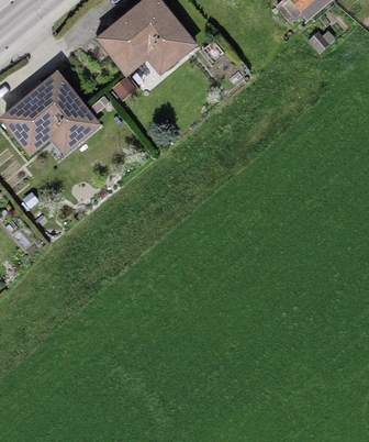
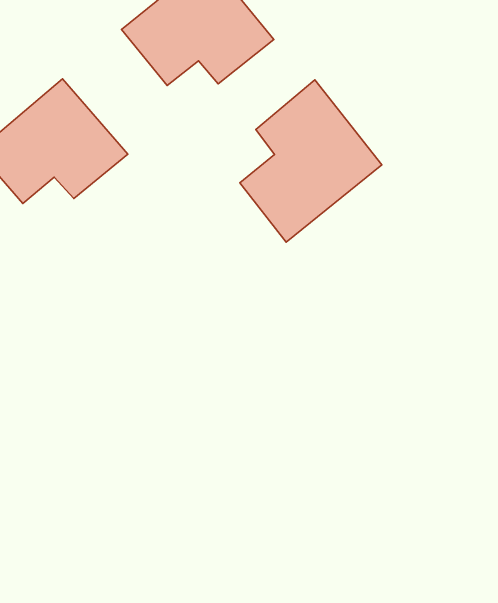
building: none -> [240,80,382,242]

